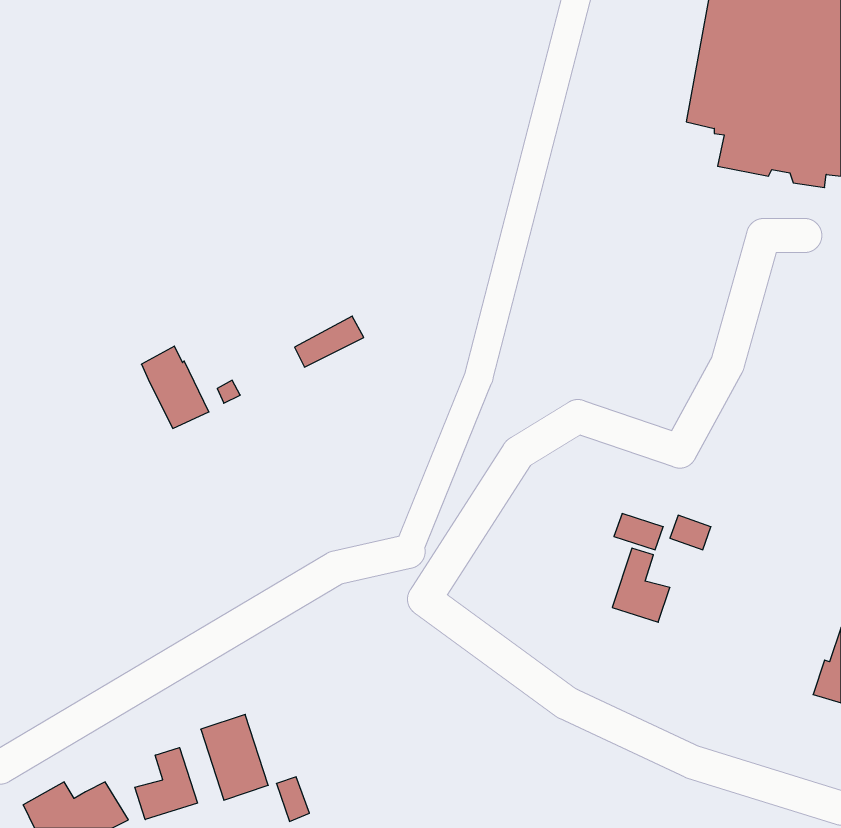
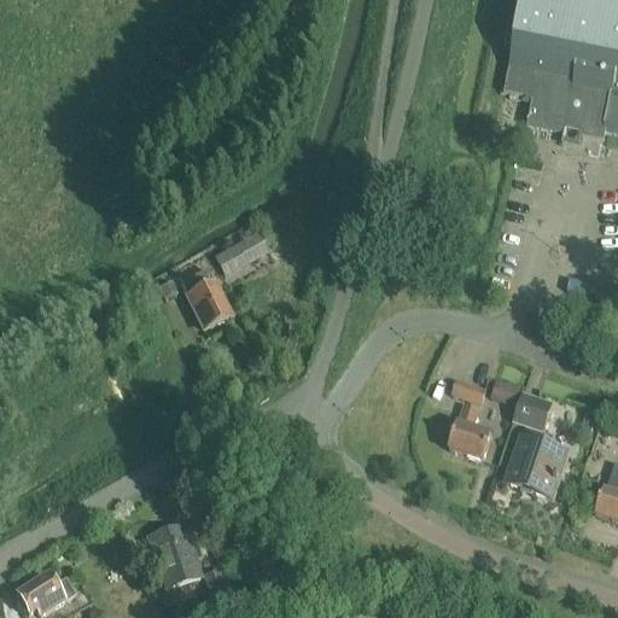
building: [141,346,209,428] -> [181,267,231,327]
building: none -> [509,391,567,494]
building: [135,748,198,820] -> none

